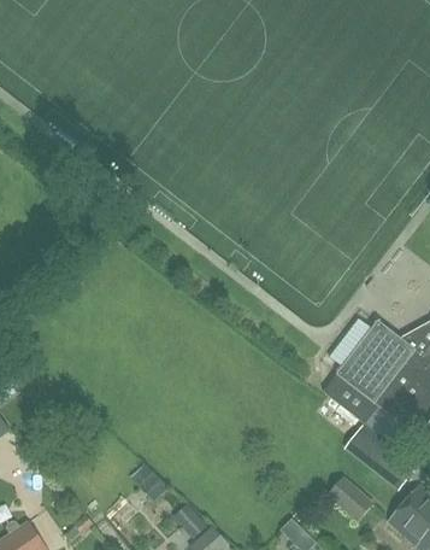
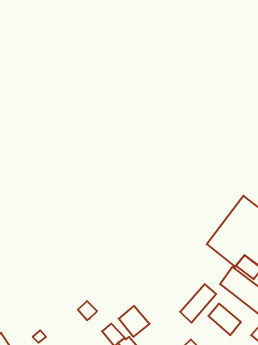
building: none -> [180,284,216,323]
building: none -> [119,306,150,337]

